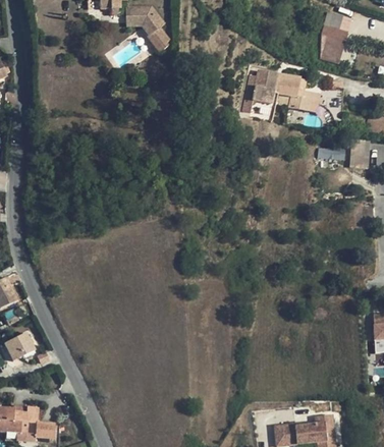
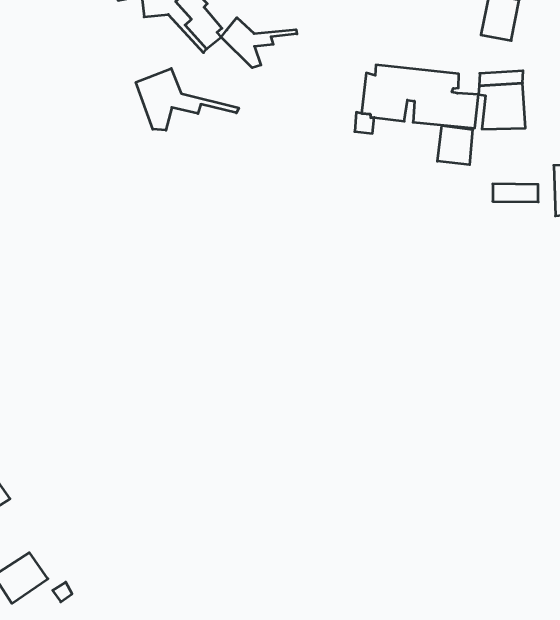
building: none -> [221,18,297,68]
building: none -> [136,68,239,130]
building: none -> [437,125,472,165]

